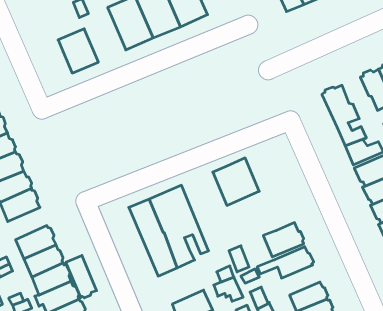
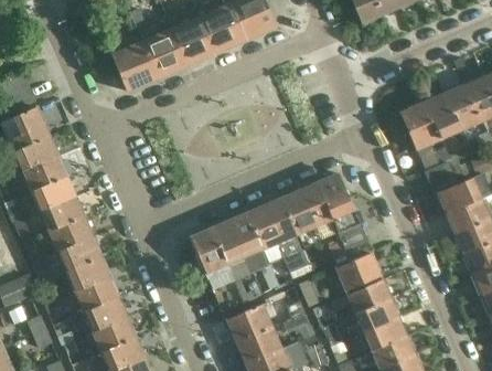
building: none -> [141,29,186,78]
building: none -> [423,95,461,140]
building: none -> [317,173,373,263]
building: none -> [247,199,310,285]
building: none -> [57,237,100,273]
building: [66,255,97,298] -> none
building: none -> [356,300,398,333]
building: none -> [227,306,271,343]

